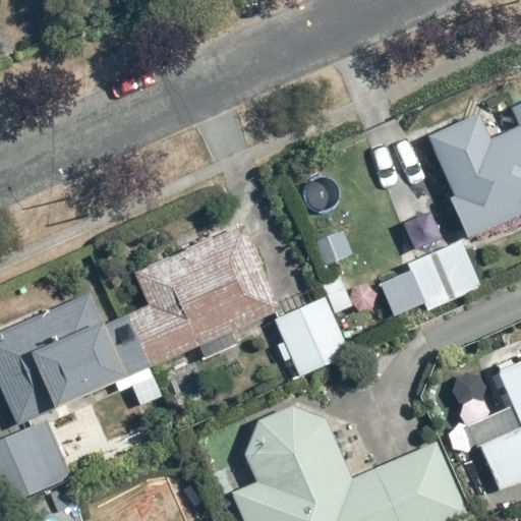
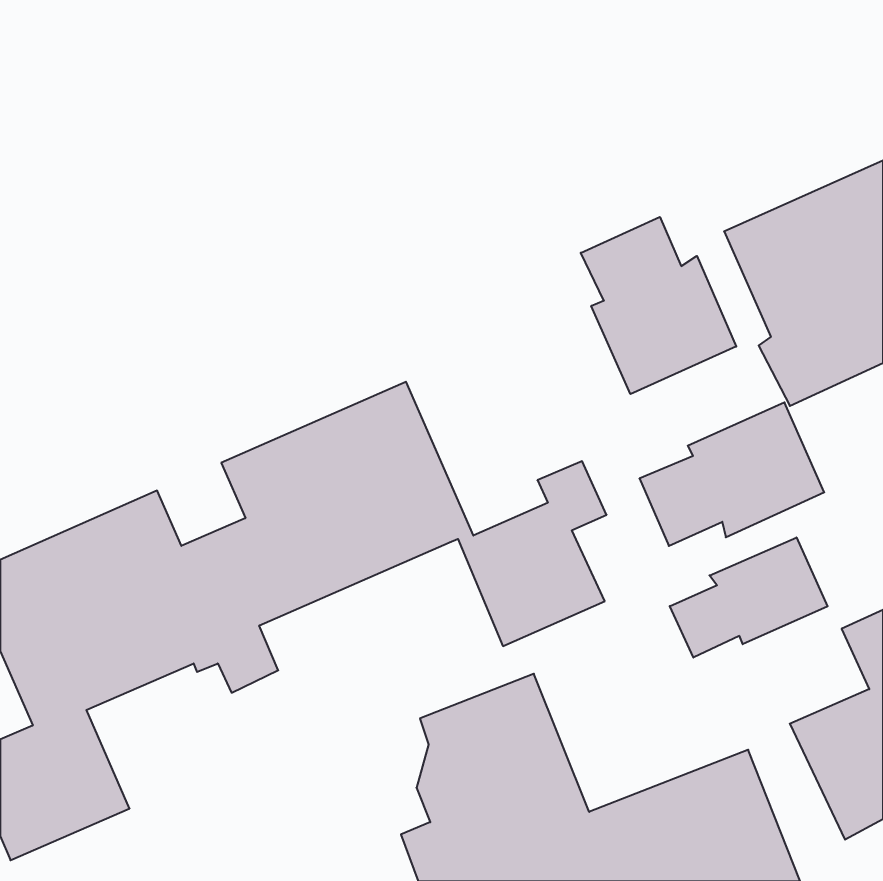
building: none -> [581,217,736,394]
building: none -> [670,537,828,658]

